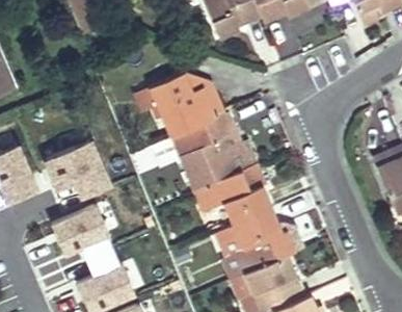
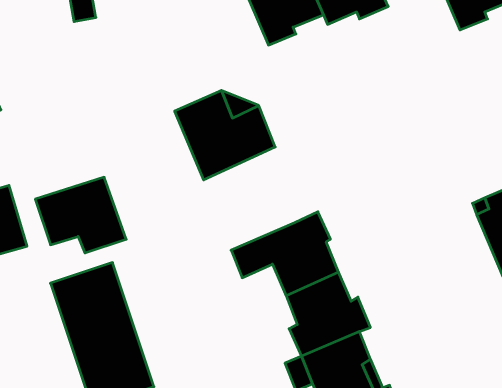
building: [170,114,257,194] -> none

